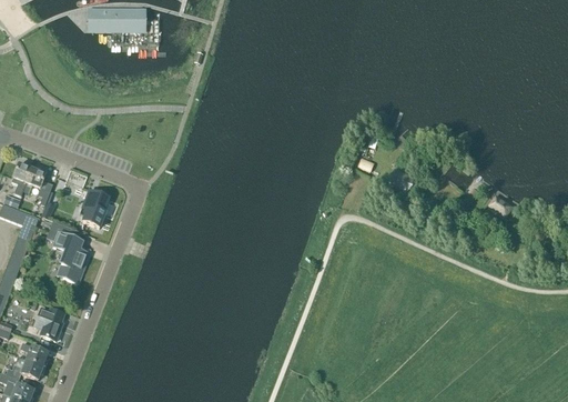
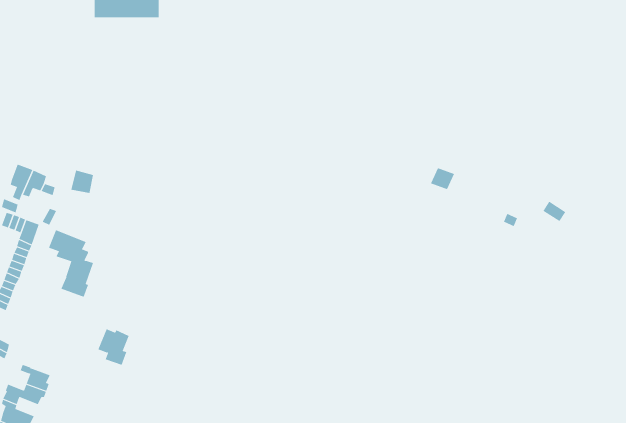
building: [79,194,105,227] -> none
building: [33,306,62,340] -> [97,328,130,366]

